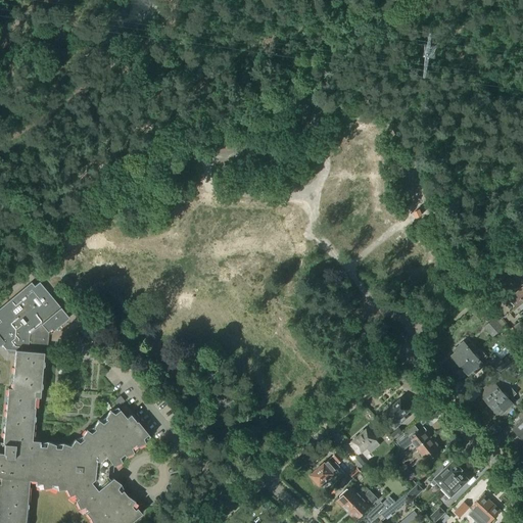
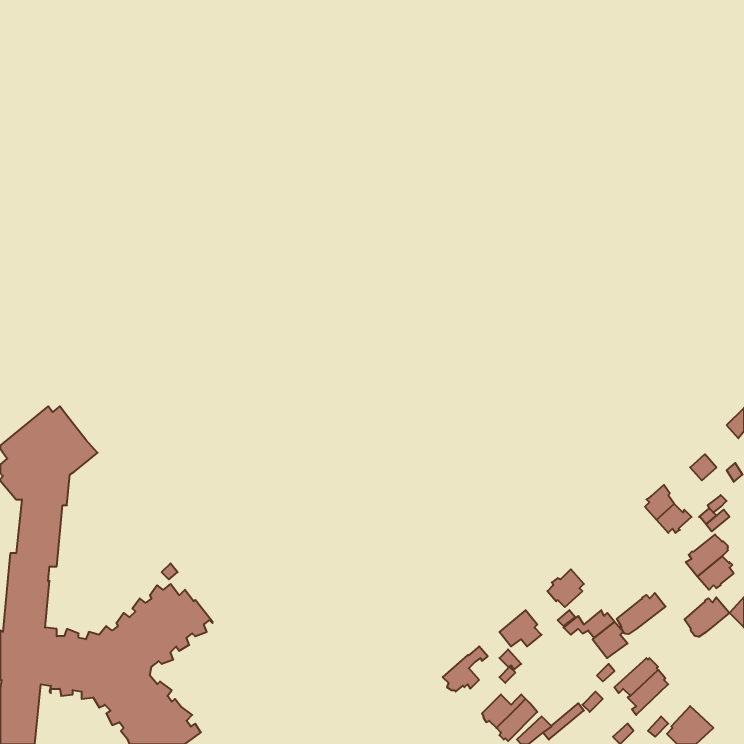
building: none -> [617,593,666,634]
building: none -> [684,597,729,637]

